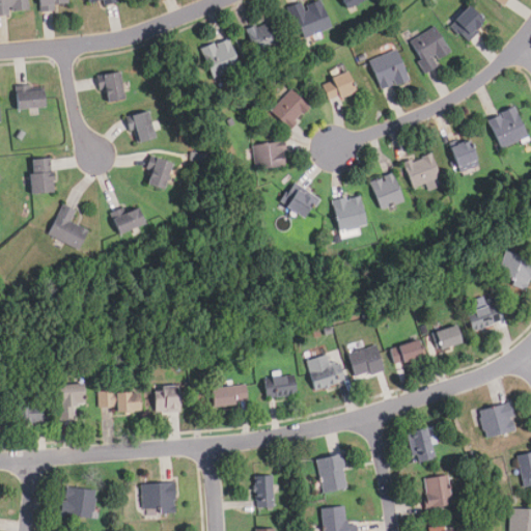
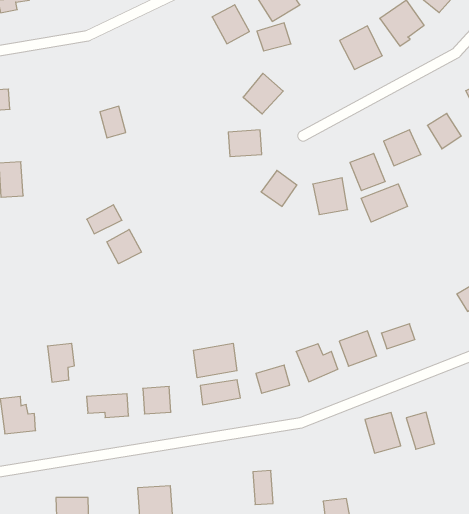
building: [201,37,240,78] -> none
building: [101,71,125,103] -> none
building: [323,73,355,99] -> [257,23,291,51]
building: [146,157,172,190] -> none
building: [49,203,88,249] -> none
building: none -> [361,184,407,222]
building: none -> [107,229,141,264]
building: [432,325,463,352] -> none
building: none -> [193,343,237,378]
building: [58,385,83,421] -> [47,343,74,382]
building: [316,454,350,493] -> [365,413,401,453]
building: [423,475,453,509] -> none

